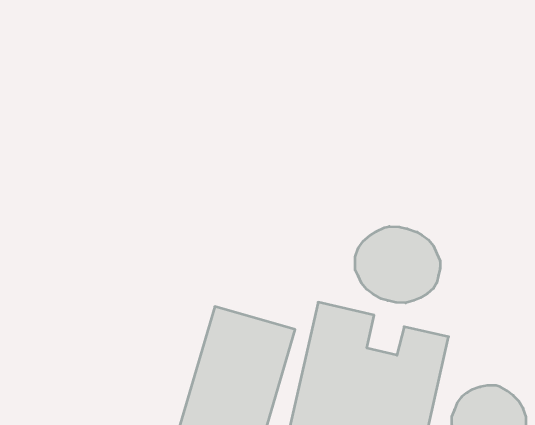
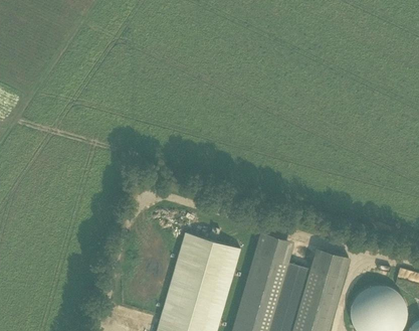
building: [355,226,440,303] -> none

